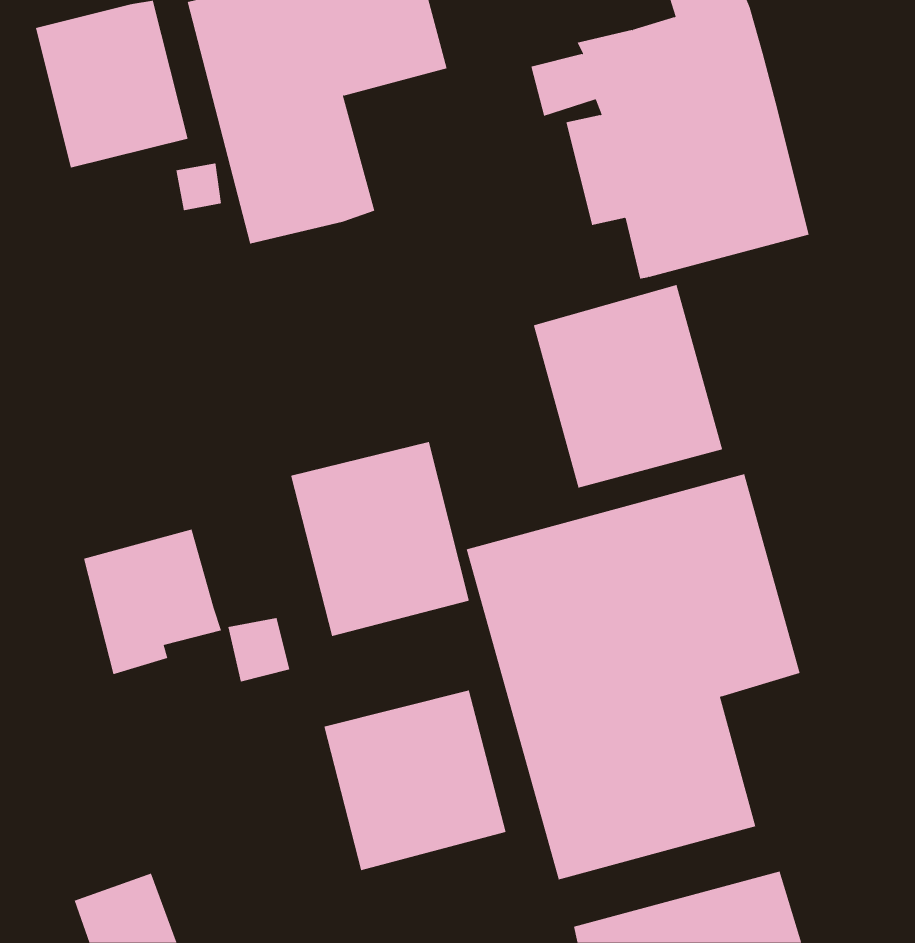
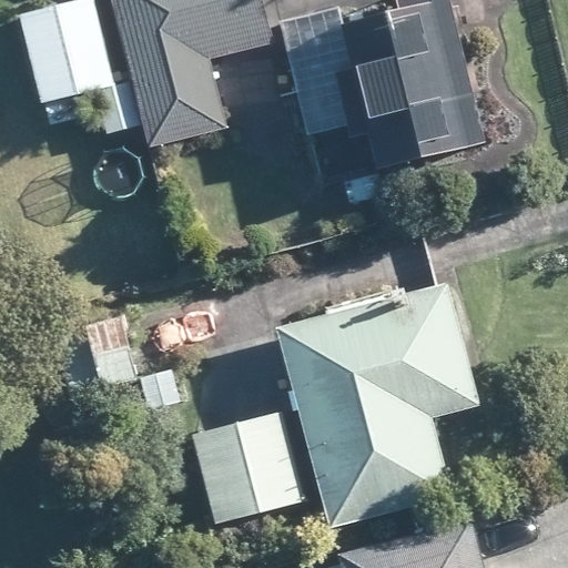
building: [533,284,723,488] -> none
building: [290,441,470,637] -> none

